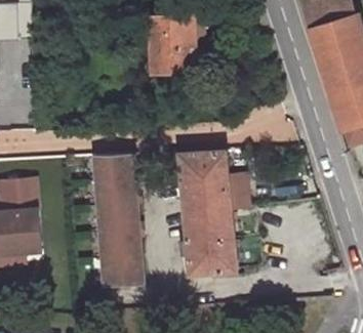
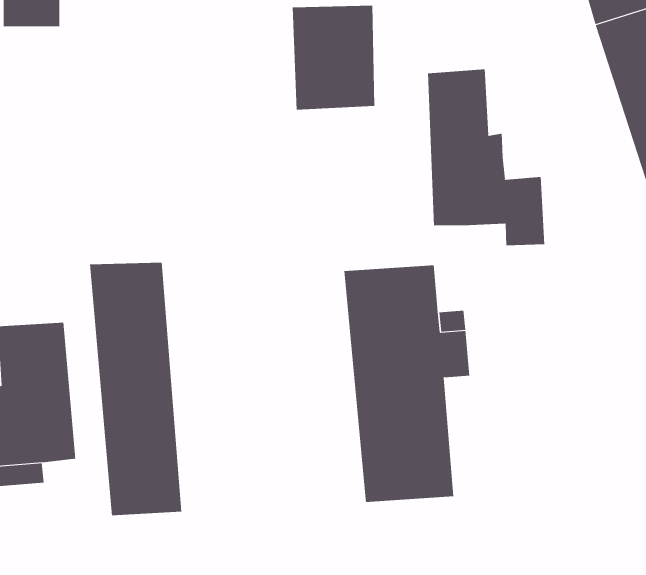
building: none -> [427,69,545,246]
building: [93,155,142,286] -> [89,262,182,516]

